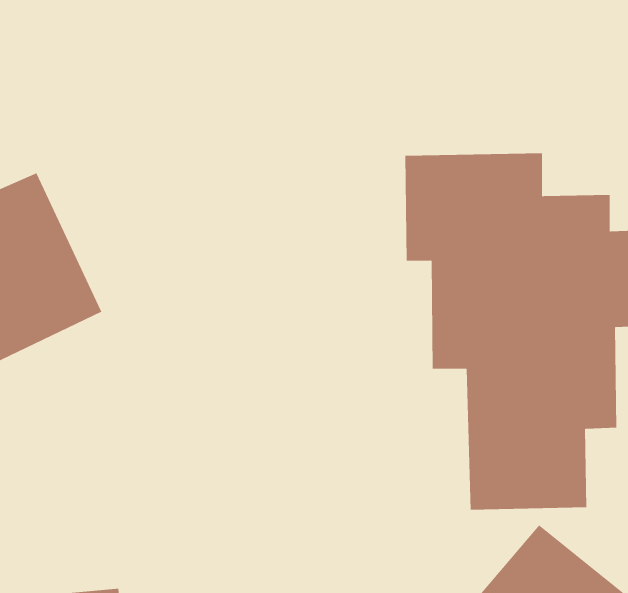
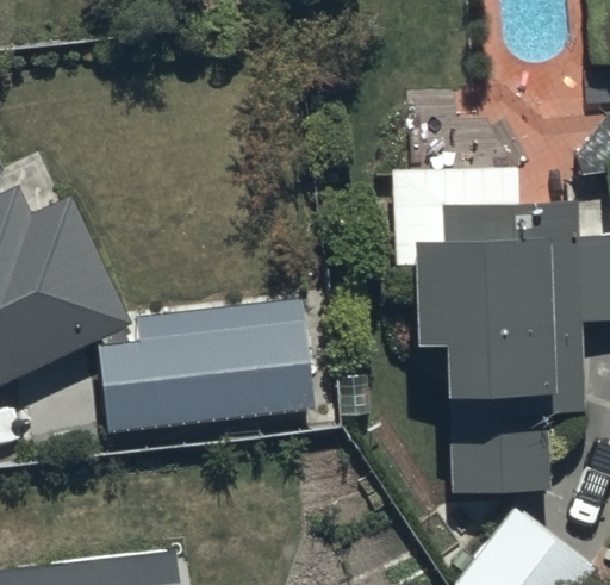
building: none -> [95,298,316,434]

